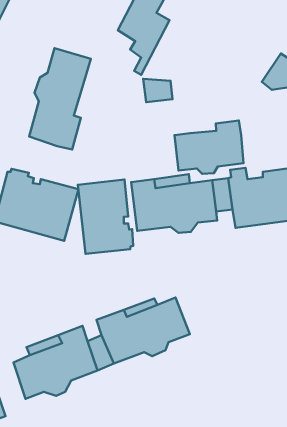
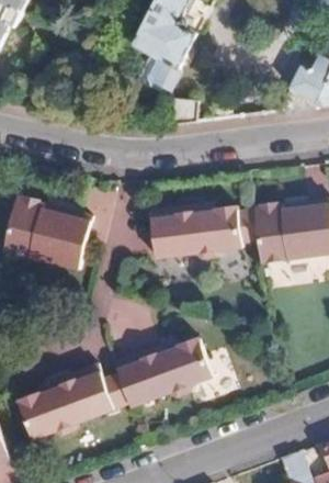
building: [29,48,91,150] -> none
building: [174,121,244,174] -> none
building: [78,180,133,254] -> none

